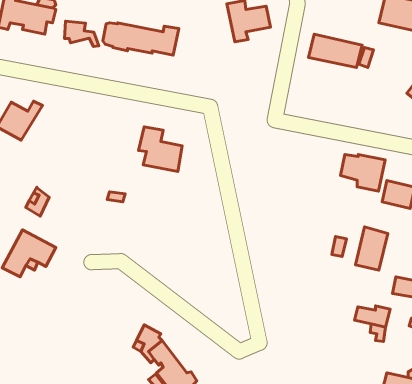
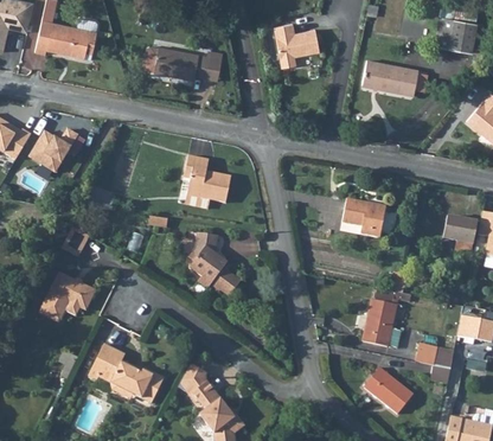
building: [64,21,99,47] -> none
building: [340,154,385,191] -> [342,200,390,239]
building: none -> [191,241,242,302]
building: [356,227,388,270] -> [359,299,393,345]
building: none -> [92,344,162,404]
building: none -> [357,368,406,415]

